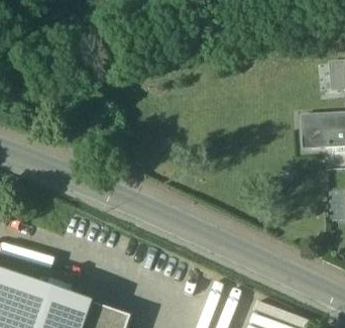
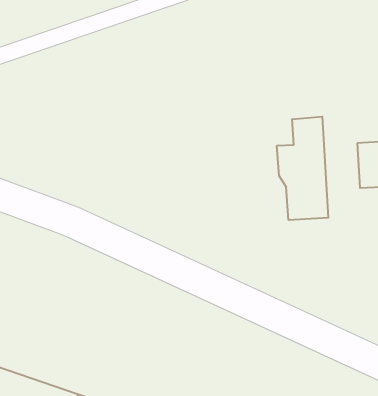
building: none -> [277,117,328,220]

